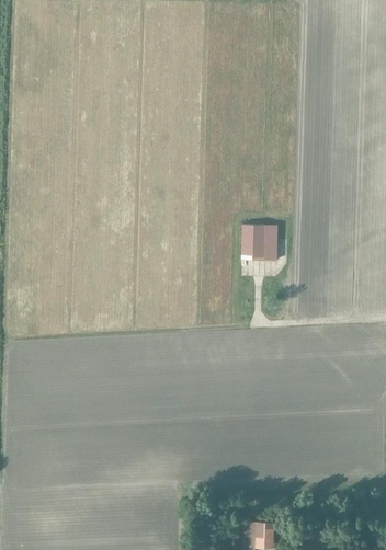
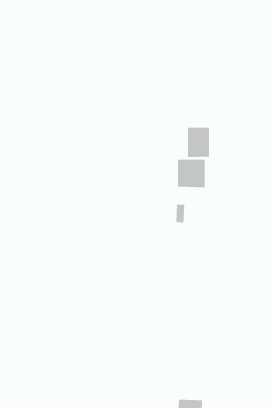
building: none -> [187,127,210,158]

